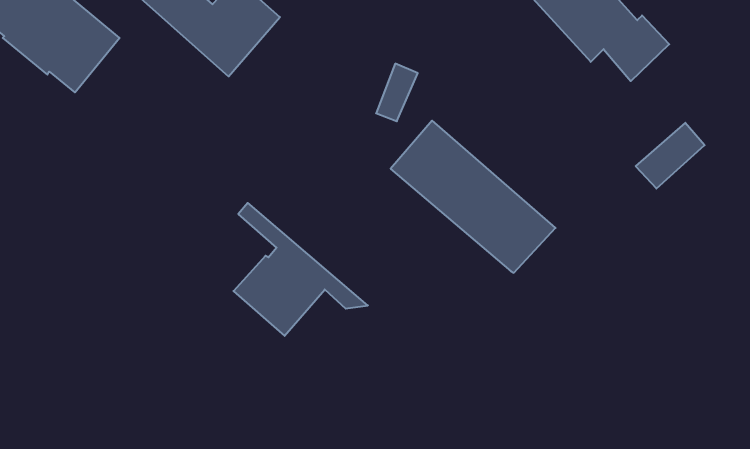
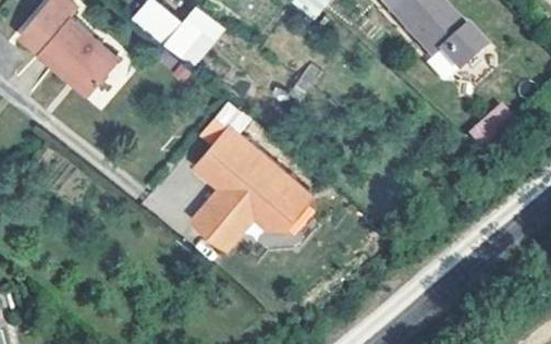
building: [391,121,556,273] -> [201,125,314,229]

